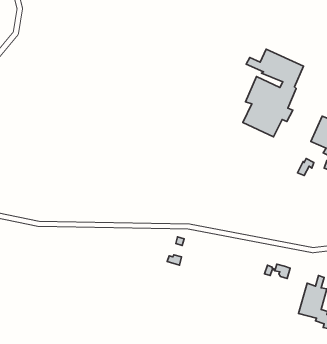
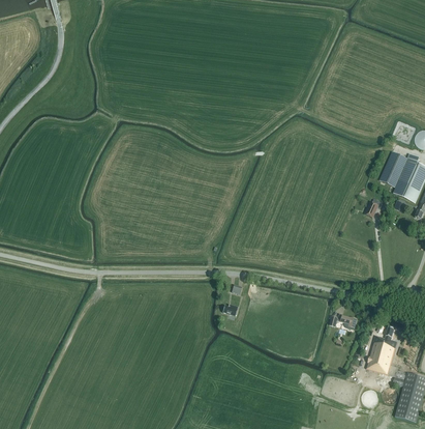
building: [243,49,304,137] -> none

